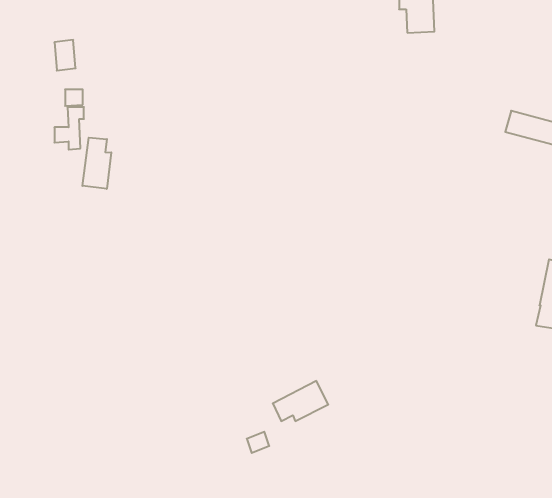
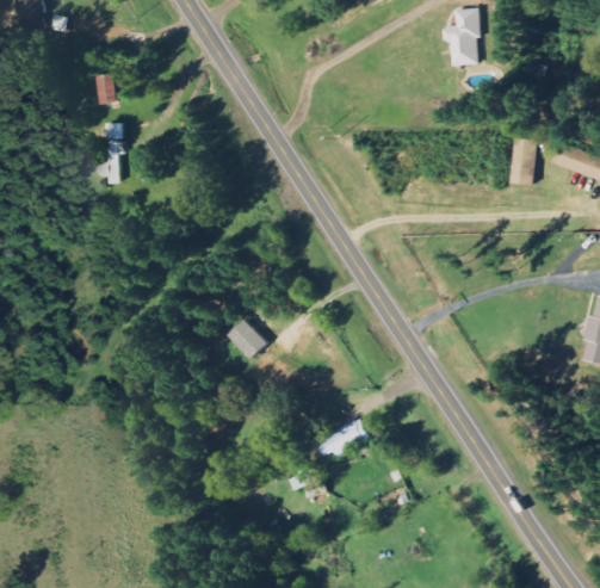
building: none -> [512,138,536,185]
building: [82,138,111,189] -> none
building: none -> [227,318,268,359]

